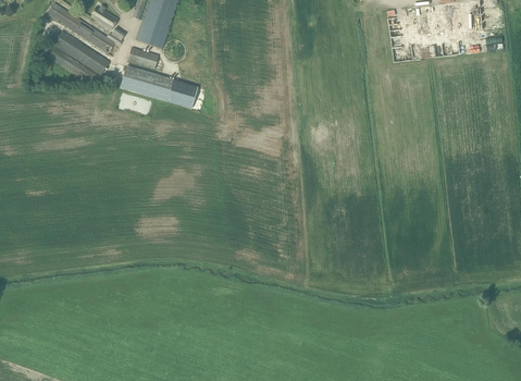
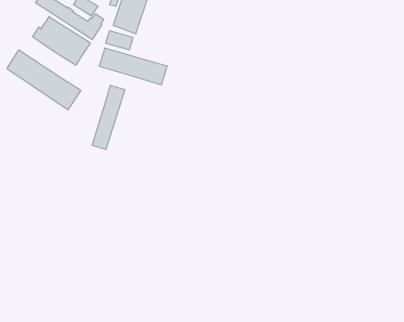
building: none -> [7,50,81,110]
building: none -> [92,85,125,149]

